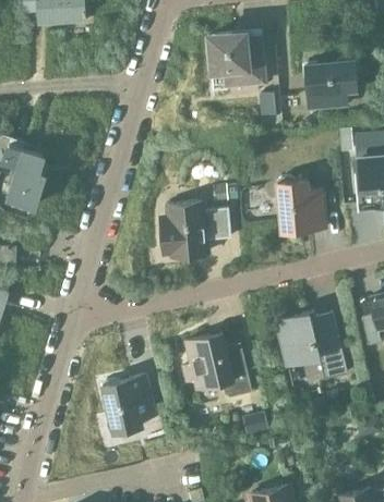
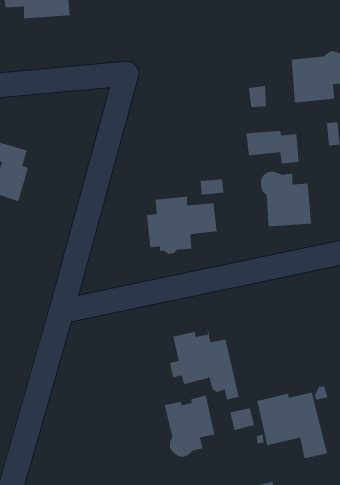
building: [207,33,263,85] -> none
building: none -> [246,130,299,164]
building: [276,311,347,378] -> [257,392,328,459]
building: [101,374,153,436] -> [164,395,215,457]

